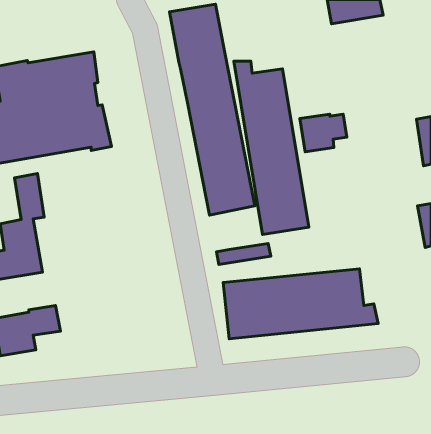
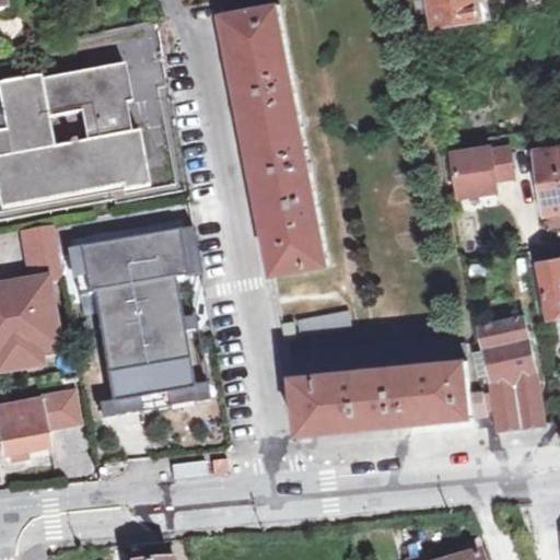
building: [234,61,309,235] -> none
building: [300,114,347,152] -> [453,147,513,195]
building: none -> [68,234,190,405]
building: none -> [477,316,540,430]

